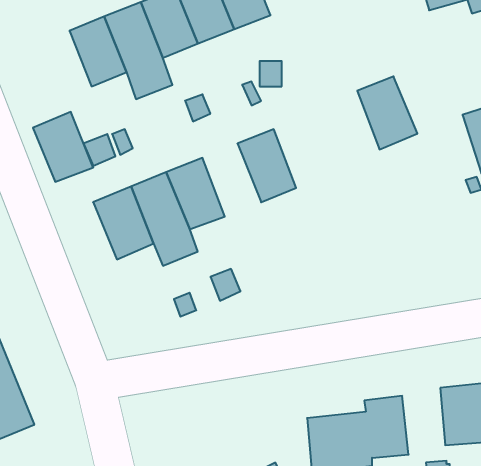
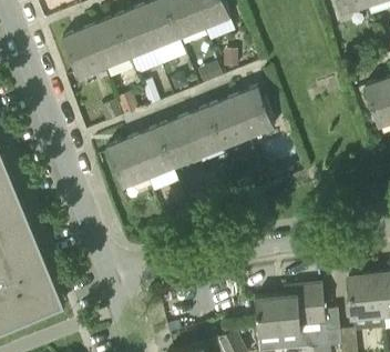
building: [357,76,417,149] -> [230,89,273,140]
building: [33,112,93,182] -> [61,30,103,79]
building: none -> [181,109,222,160]

